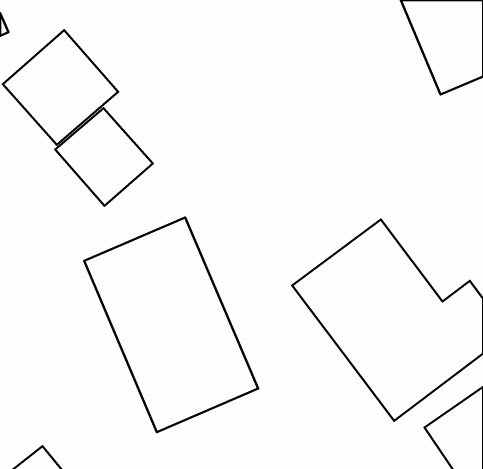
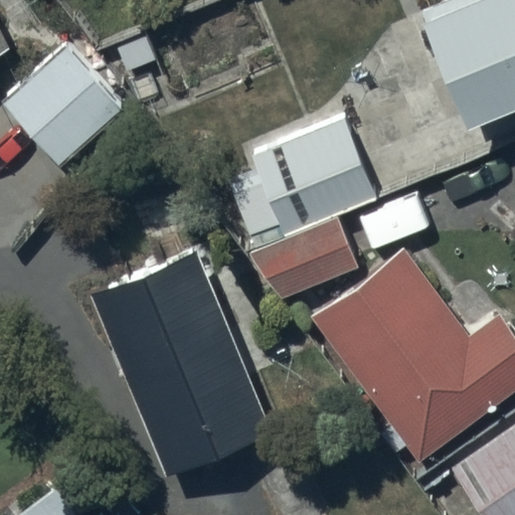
building: none -> [227,119,377,299]
building: [55,108,153,206] -> none

